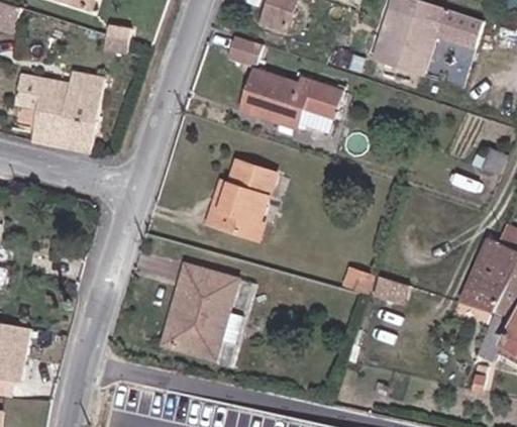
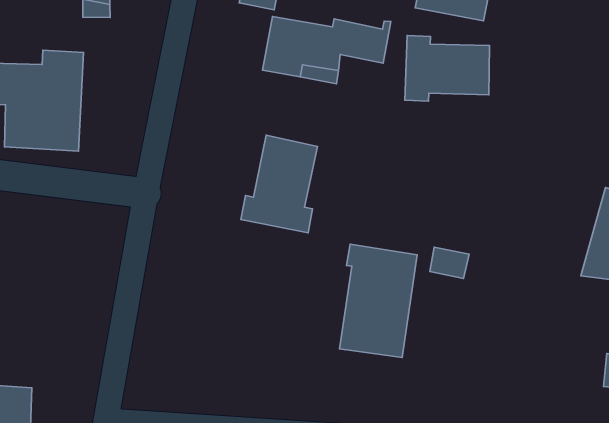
building: none -> [405,36,489,101]
building: [168,266,237,359] -> [339,244,417,357]

